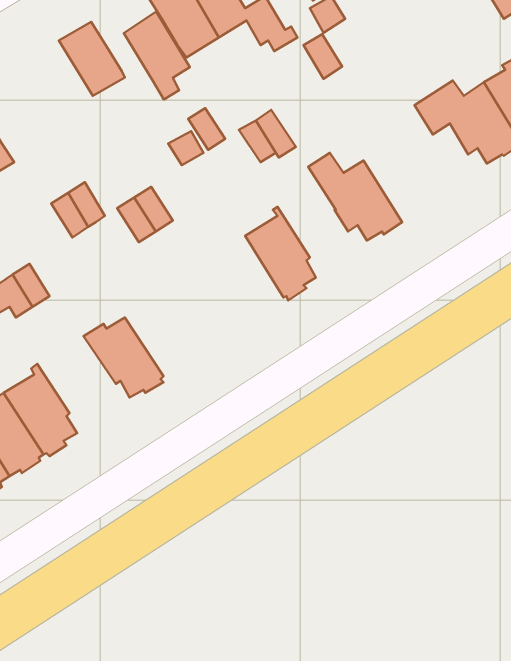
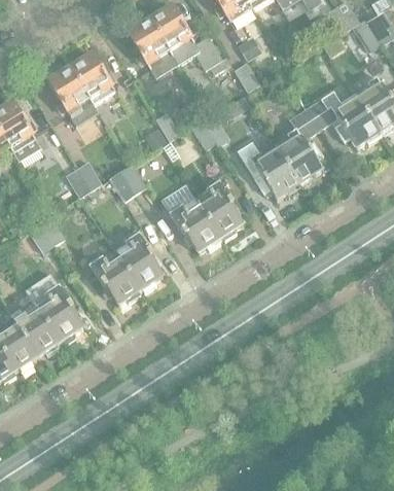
building: [124,12,190,99] -> [48,65,93,124]
building: none -> [274,108,323,186]
building: none -> [167,196,220,251]
building: none -> [114,227,162,290]

